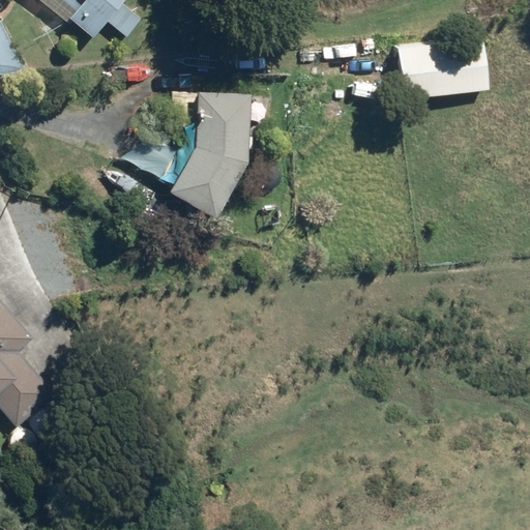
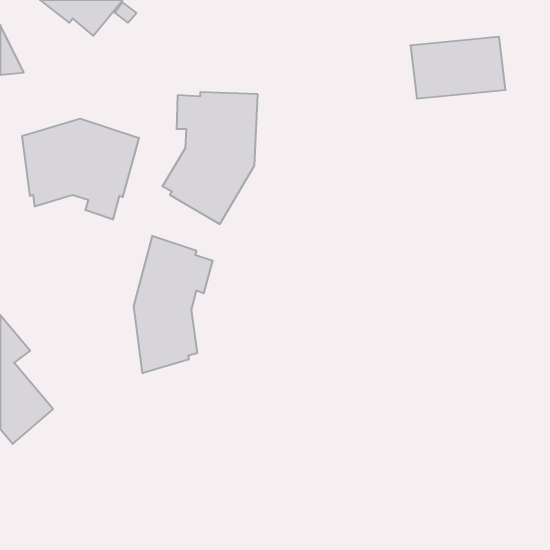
building: none -> [22,119,139,220]
building: none -> [134,236,213,373]

